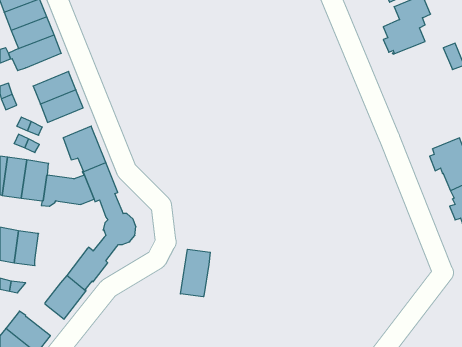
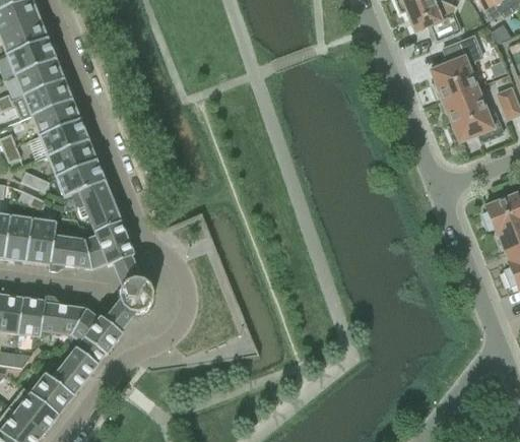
building: none -> [442,85,502,141]
building: none -> [31,99,79,135]
building: none -> [56,160,105,196]
building: none -> [42,295,100,355]
building: [180,249,210,297] -> none
building: none -> [31,372,74,414]

